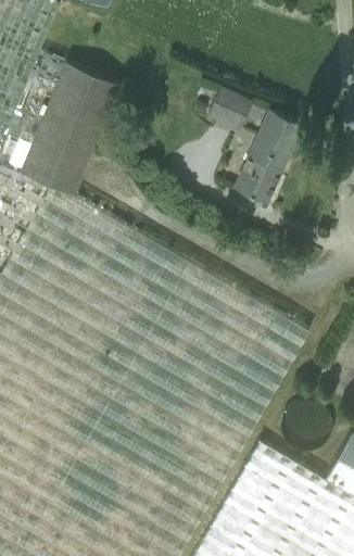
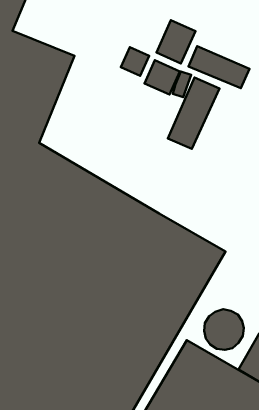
building: none -> [156,20,195,64]
building: none -> [189,46,249,88]
building: none -> [121,47,149,76]

